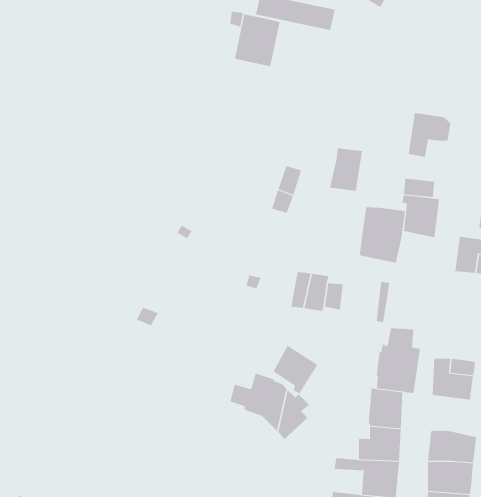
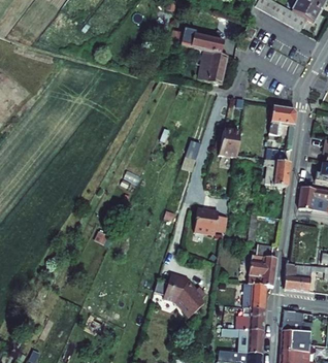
building: [234,14,281,67] -> [198,51,228,85]
building: [359,206,405,263] -> none
building: [273,345,318,394] -> none

